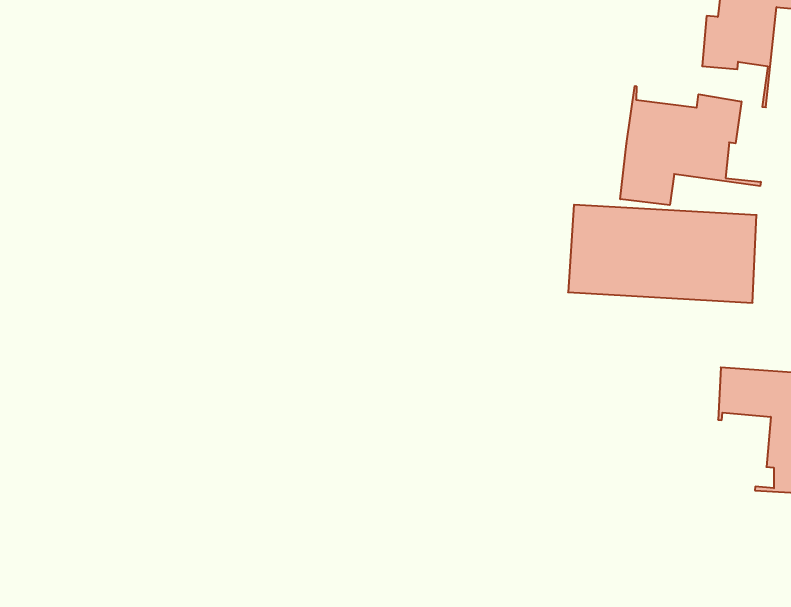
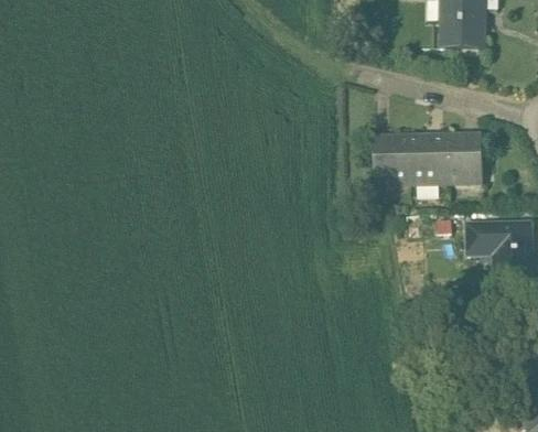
building: [620,86,761,205] -> none

